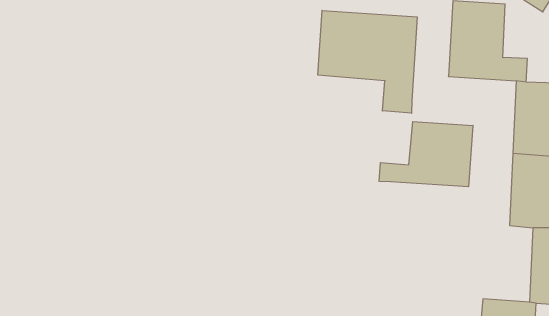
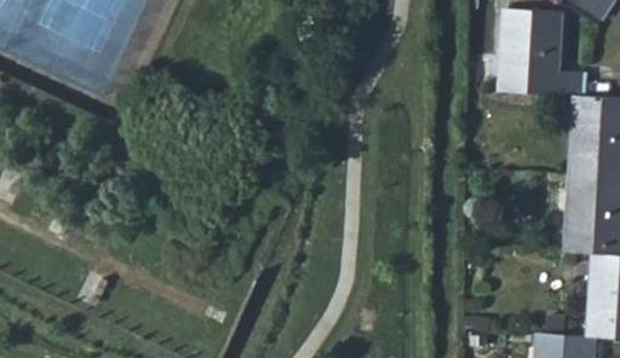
building: [318,10,417,113] -> none
building: [379,122,473,187] -> none

